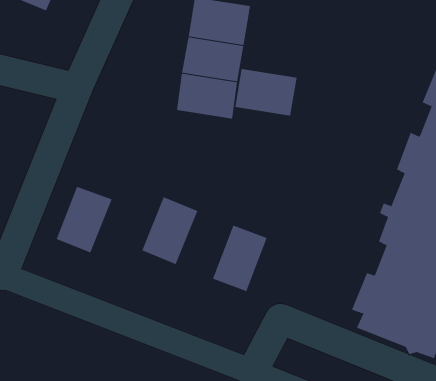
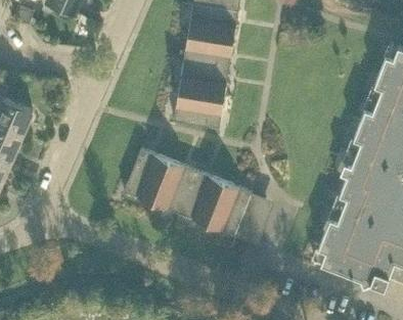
building: [234,68,297,116] -> [174,92,224,130]
building: [56,186,113,253] -> [124,150,169,203]
building: none -> [179,172,224,226]

